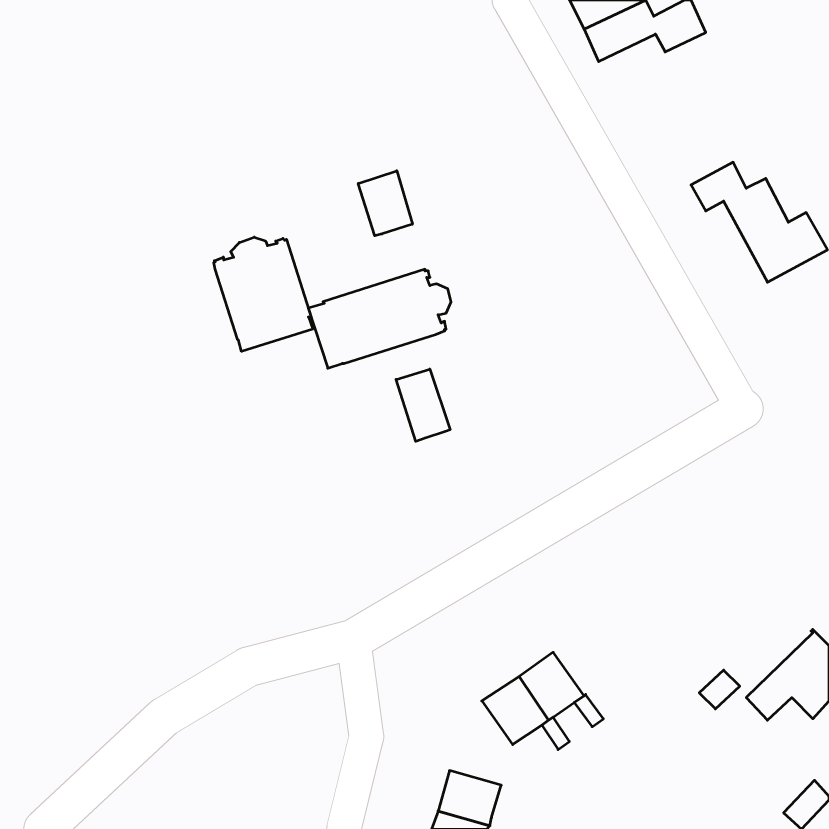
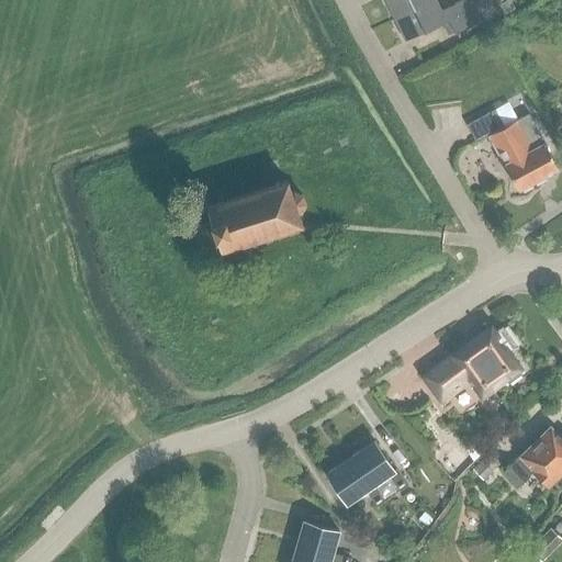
building: [358,171,412,236] -> none
building: [214,237,313,351] -> none
building: [396,369,450,441] -> none
building: none -> [425,326,521,401]

